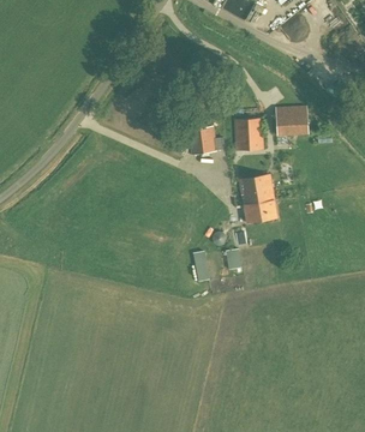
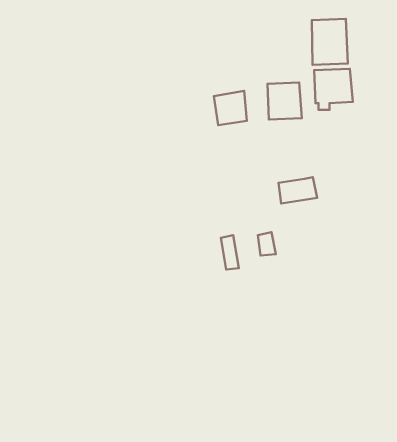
building: none -> [312,19,348,65]
building: [240,175,274,205] -> none

